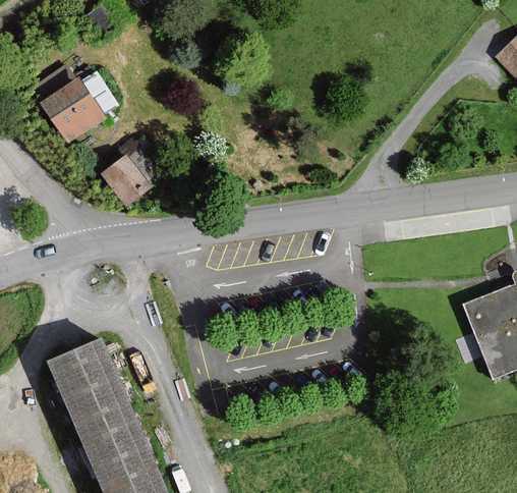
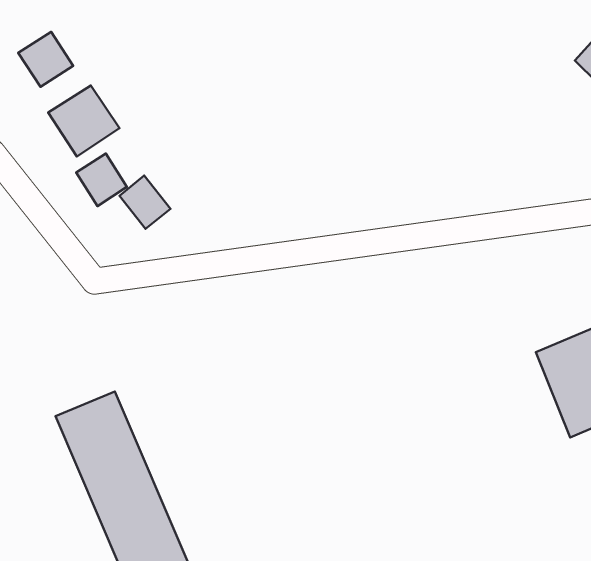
building: none -> [18,32,73,87]
building: none -> [76,153,127,206]

